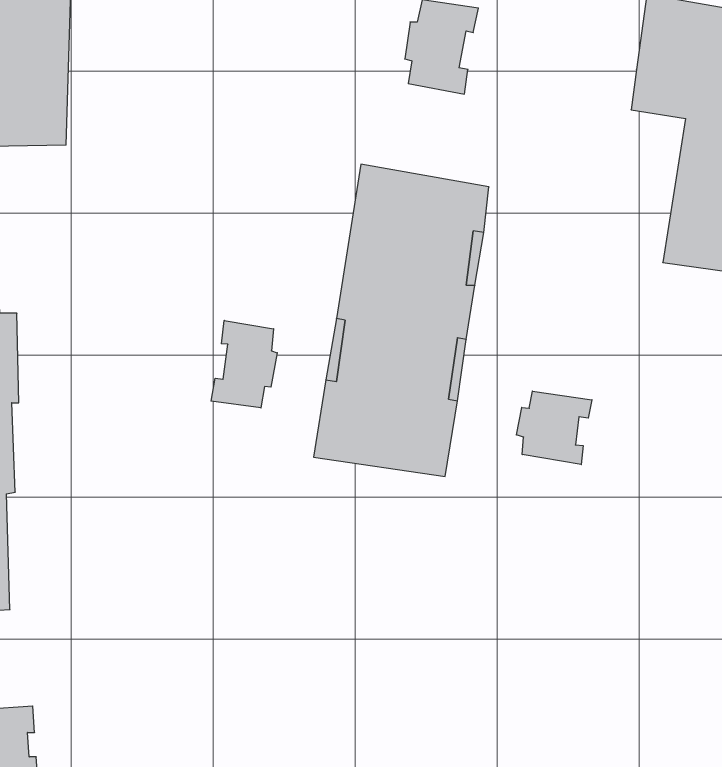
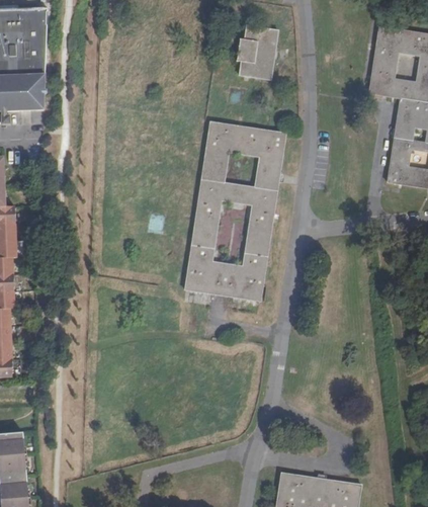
building: [211,320,277,408] -> none
building: [516,391,592,465] -> none

